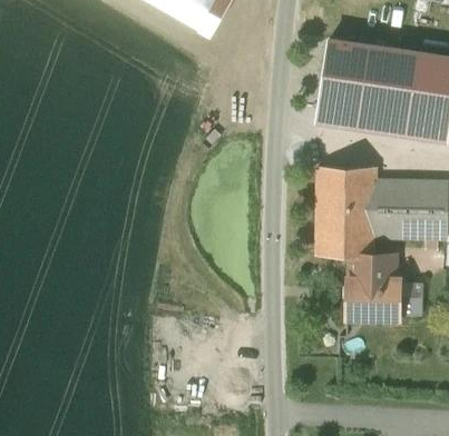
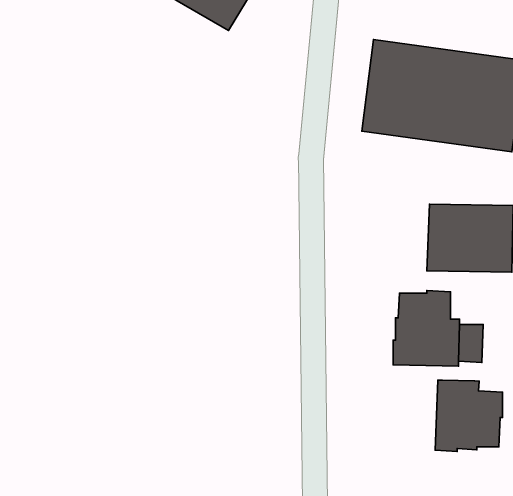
building: [316,168,377,257] -> none
building: none -> [435,380,503,451]

